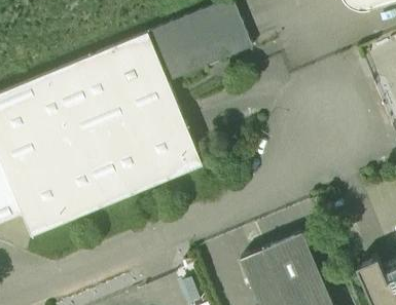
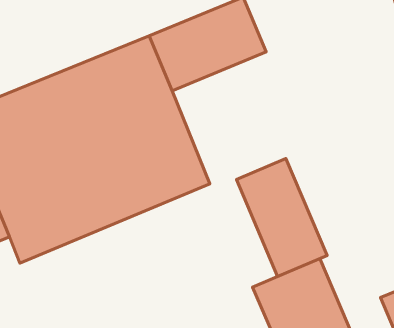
building: none -> [236,159,327,276]

